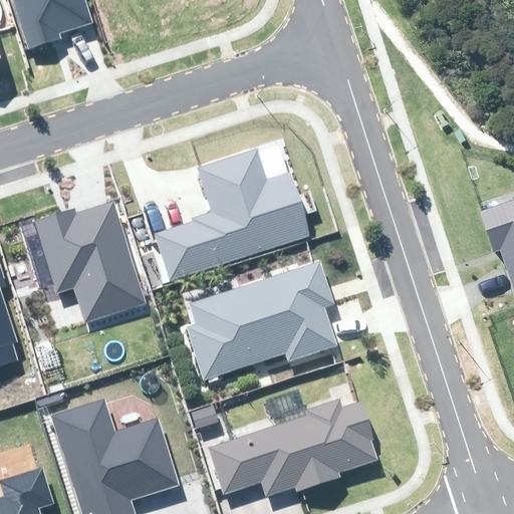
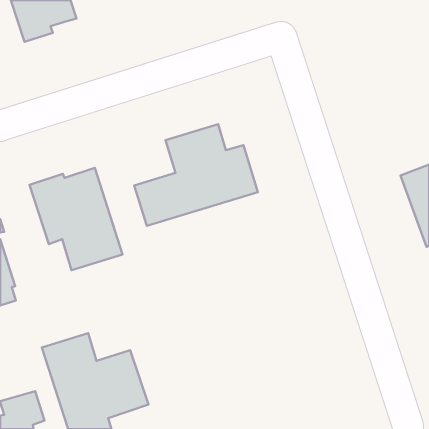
building: [184,260,335,381] -> none
building: [212,400,380,497] -> none

